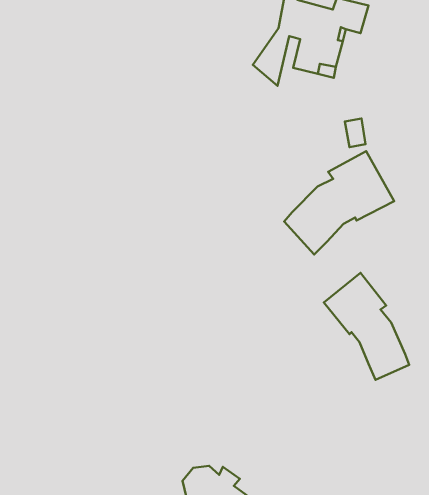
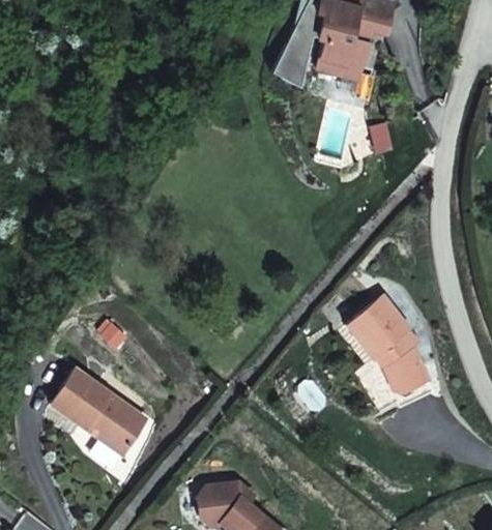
building: [284,151,394,255] -> none
building: none -> [48,370,144,458]

